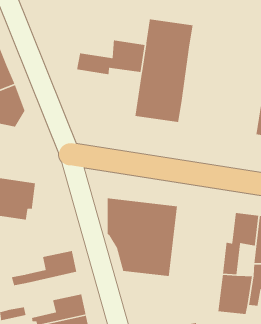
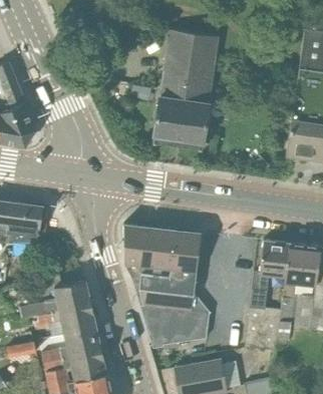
building: [76,40,145,75] -> none
building: none -> [140,304,209,347]
building: none -> [33,305,96,338]

